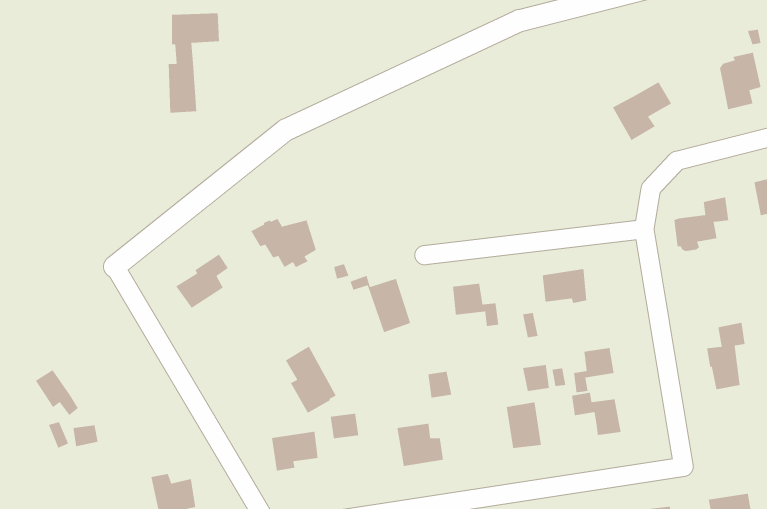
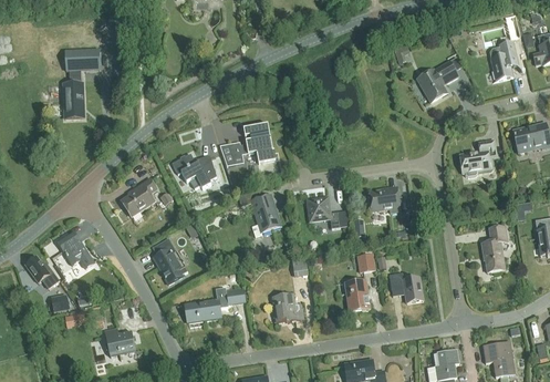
building: [168,13,220,113] -> [64,48,100,116]
building: none -> [229,123,276,163]
building: none -> [58,231,93,267]
building: [285,345,337,414] -> [153,236,188,282]
building: [573,347,614,393] -> none

